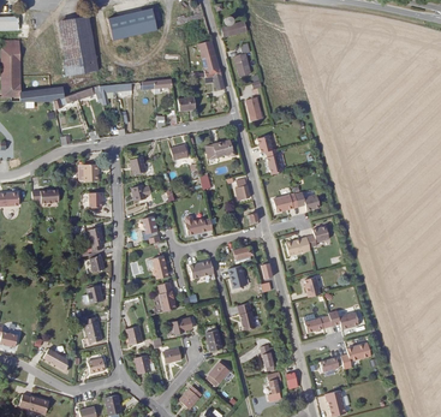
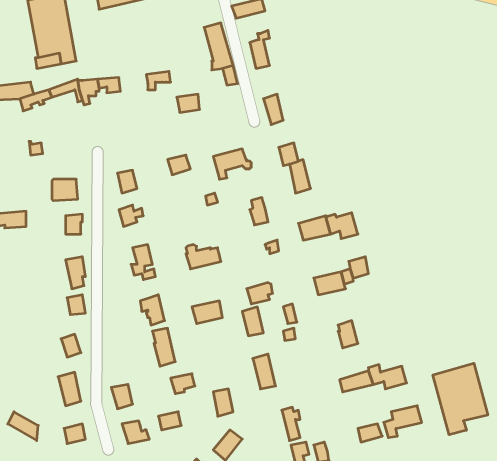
building: none -> [433,363,488,435]

